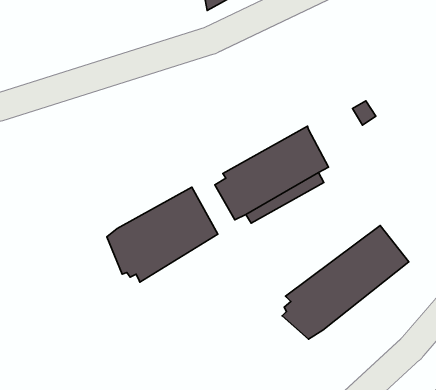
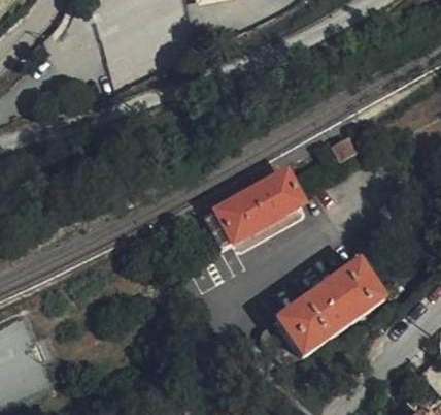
building: [107,187,218,282] -> none

